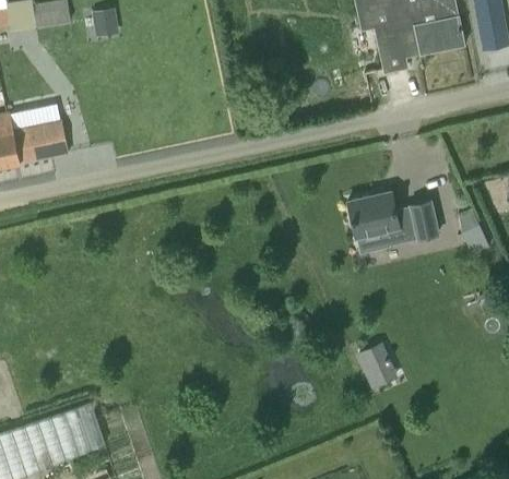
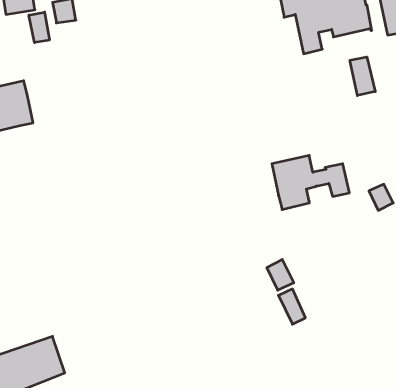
building: none -> [29,12,49,43]
building: none -> [350,57,375,96]
building: none -> [267,259,294,290]

